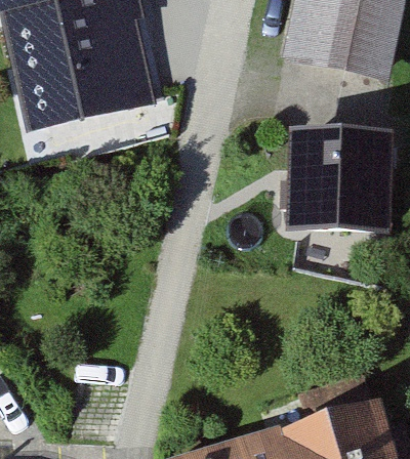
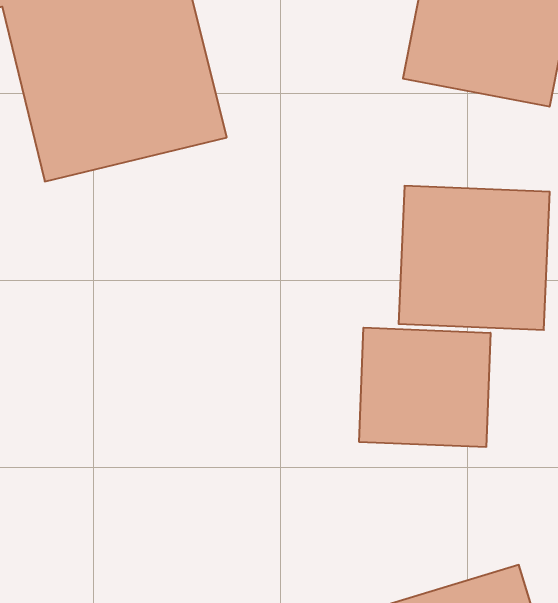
building: none -> [359,328,490,447]

